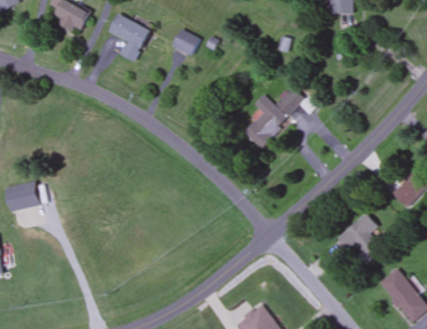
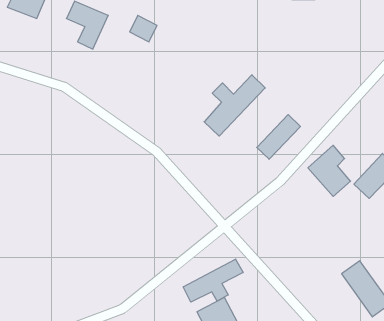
building: none -> [257,115,300,159]
building: [340,213,382,263] -> [308,145,351,196]
building: none -> [183,259,243,302]

